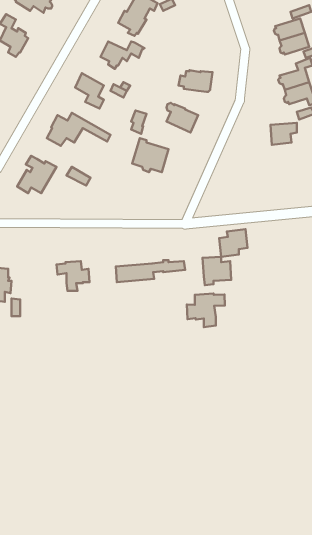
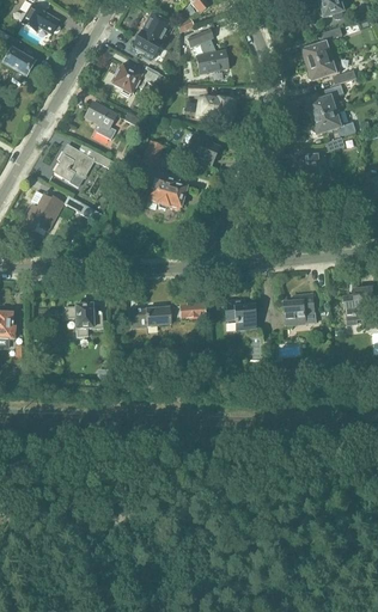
building: none -> [187,29,227,73]
building: [219,229,248,257] -> [285,292,316,322]
building: [187,293,225,327] -> none

